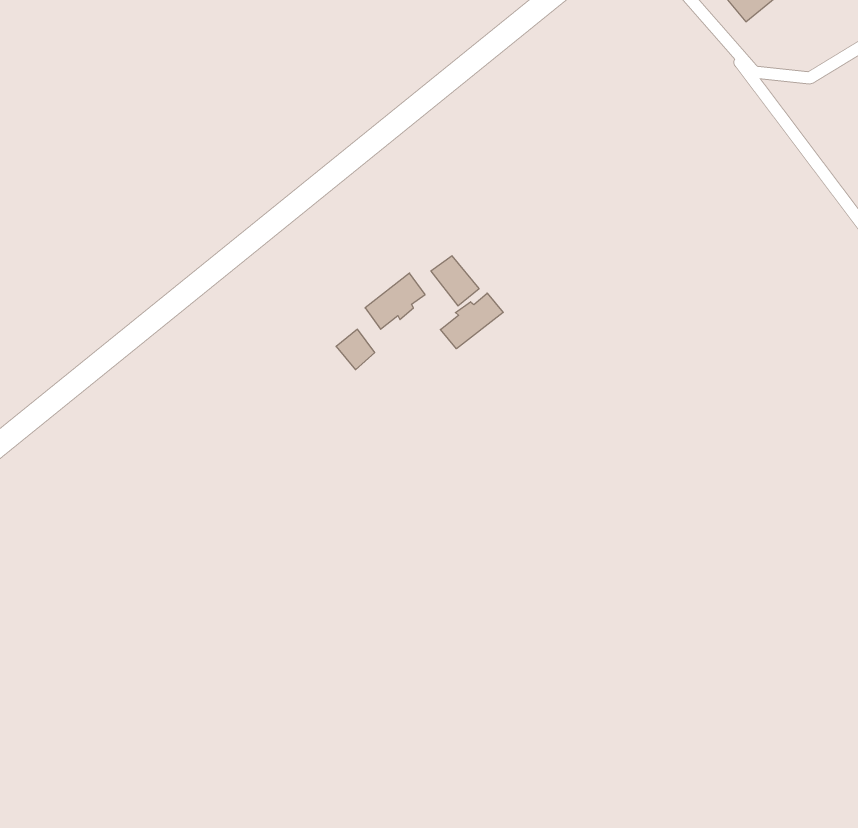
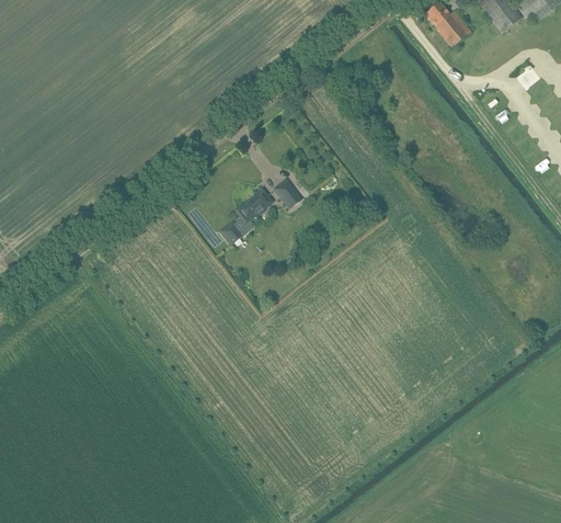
building: [440,293,503,349] -> none

